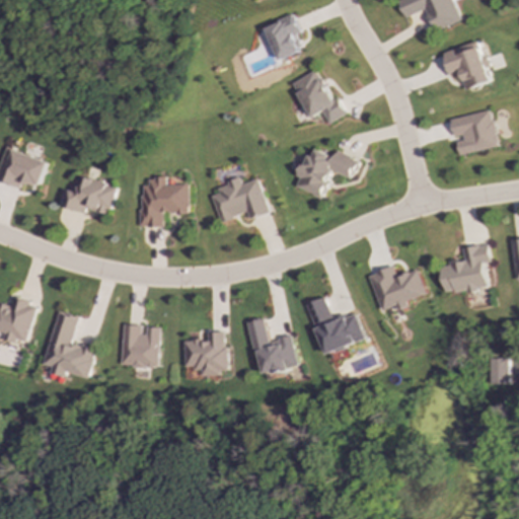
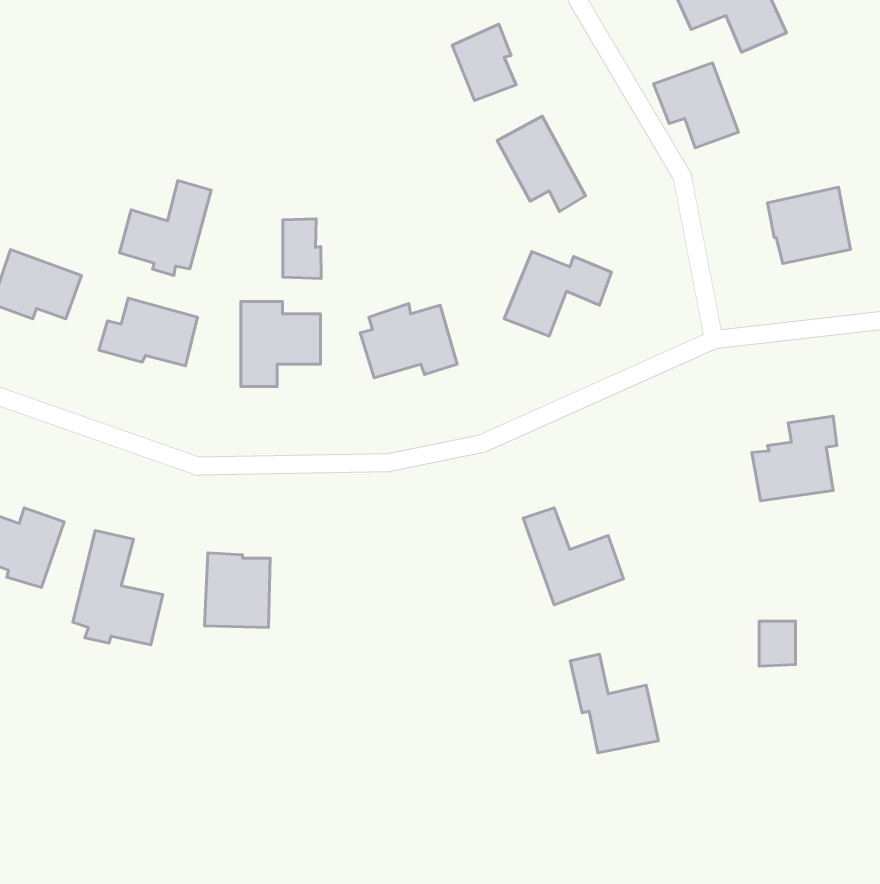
building: [441,41,491,90] -> [654,63,738,148]
building: none -> [119,181,211,276]
building: none -> [283,219,321,279]
building: [368,266,426,310] -> none
building: [246,316,298,374] -> [570,654,658,753]
building: [182,330,226,375] -> none
building: [488,358,509,384] -> [759,621,796,666]

